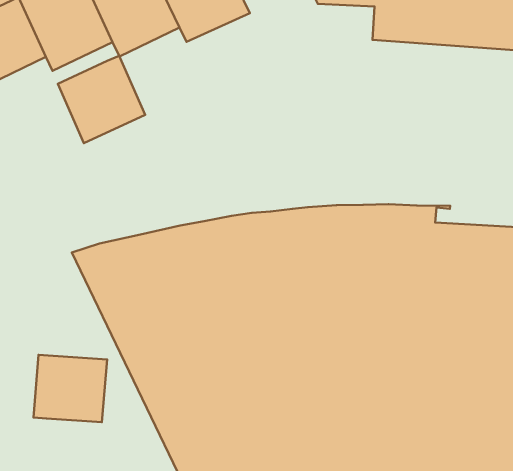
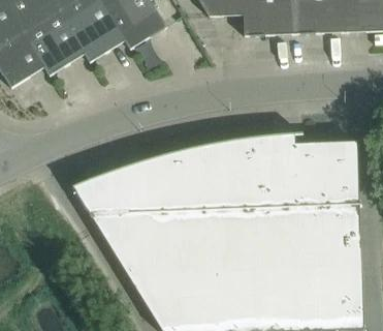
building: [58,56,145,143] -> none
building: [33,355,107,422] -> none

